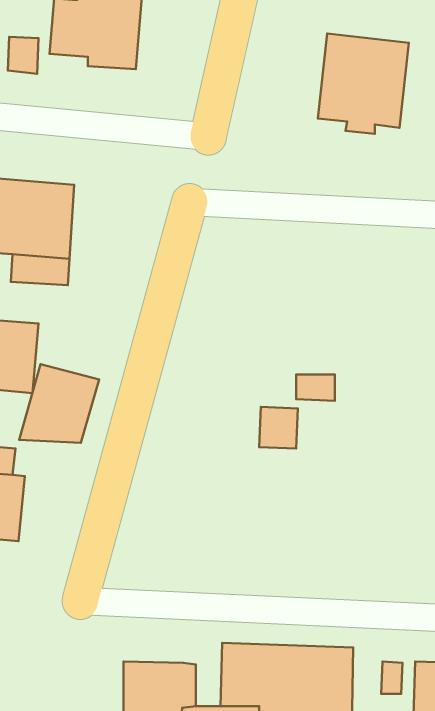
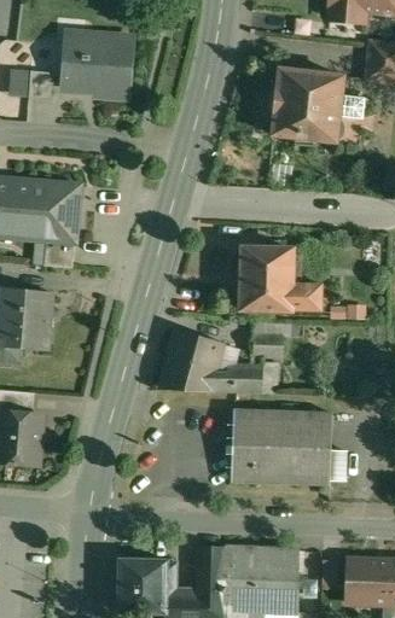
building: none -> [240,246,323,309]
building: [19,364,99,443] -> [158,330,221,391]
building: none -> [230,408,331,484]

